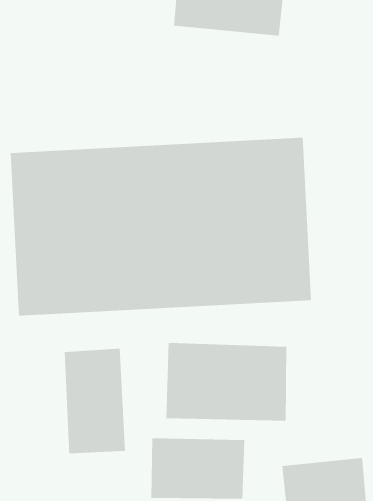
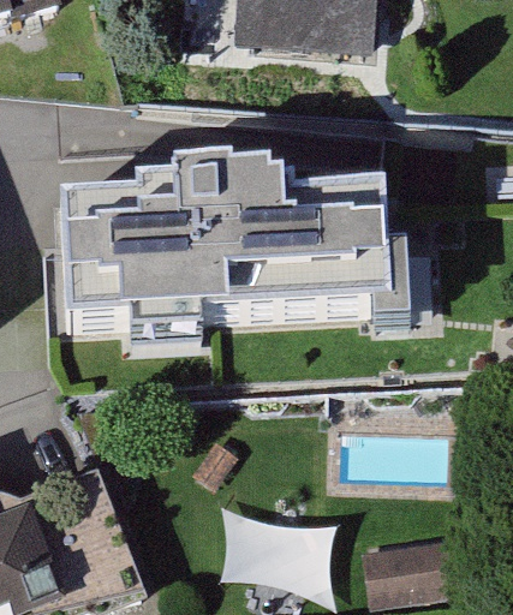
building: [166,342,287,422] -> none
building: [64,348,126,454] -> none

